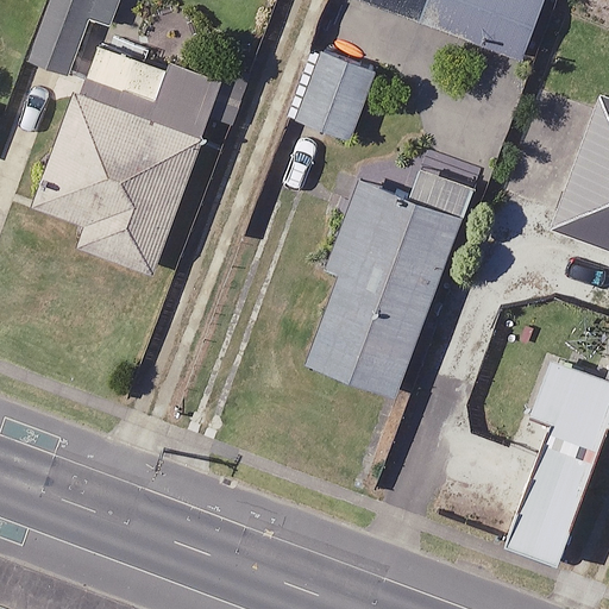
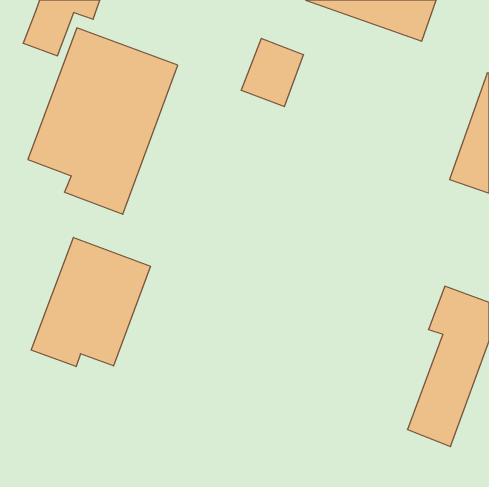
building: [310,167,470,391] -> none
building: none -> [31,237,151,367]

